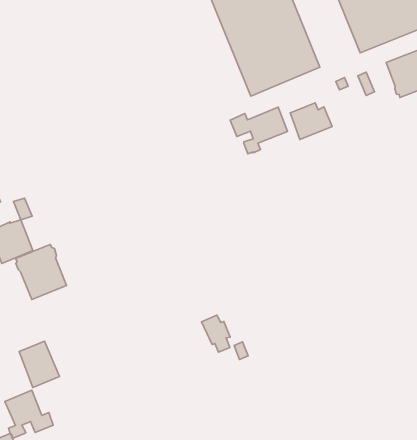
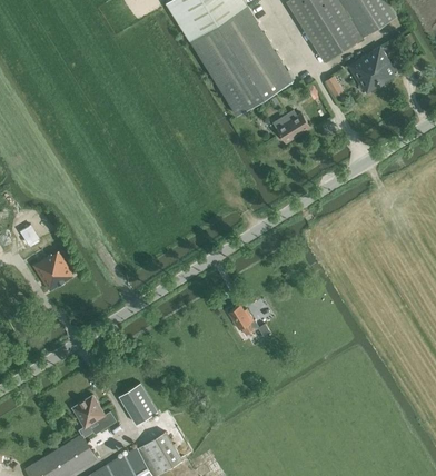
building: [230,107,288,154] -> none
building: [16,244,66,299] -> none
building: [19,341,60,388] -> [119,385,157,426]

